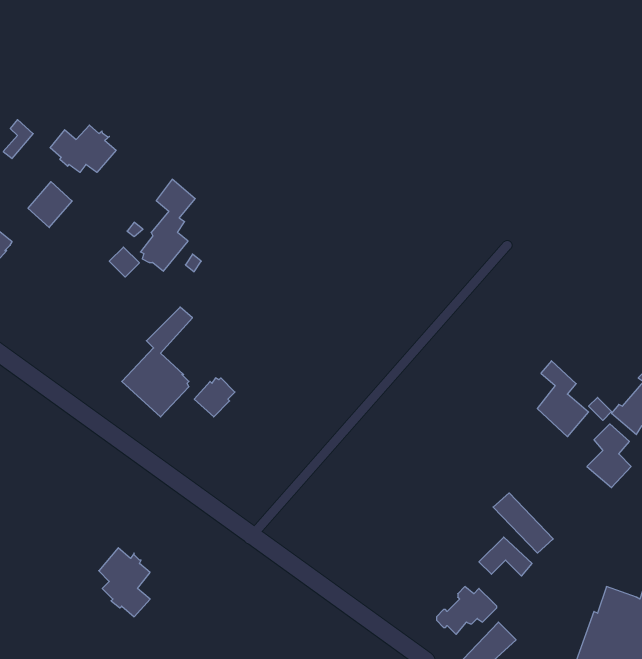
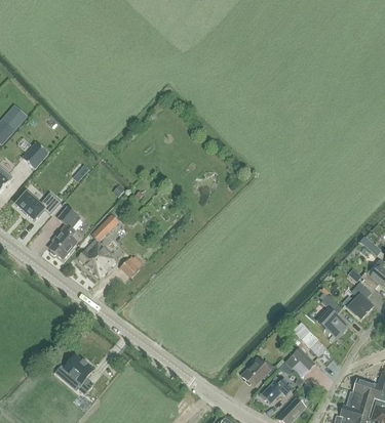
building: [50,125,116,172] -> none
building: [140,179,195,271] -> [49,207,81,260]
building: none -> [15,193,61,221]
building: [537,361,589,437] -> [319,296,349,340]
building: none -> [241,357,279,387]

